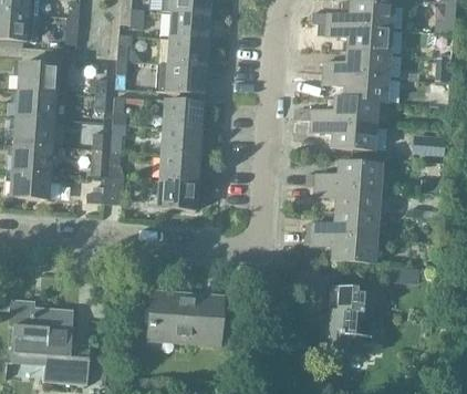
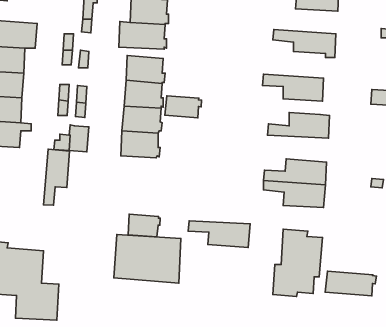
building: [322,50,391,76] -> none
building: [311,95,377,124] -> none
building: none -> [165,96,201,118]
building: [314,185,381,214] -> [188,221,250,248]
building: none -> [44,149,70,205]
building: none -> [128,214,160,237]
building: none -> [325,271,377,296]

